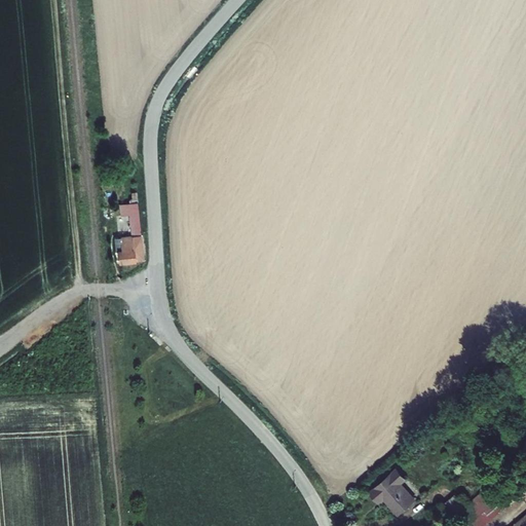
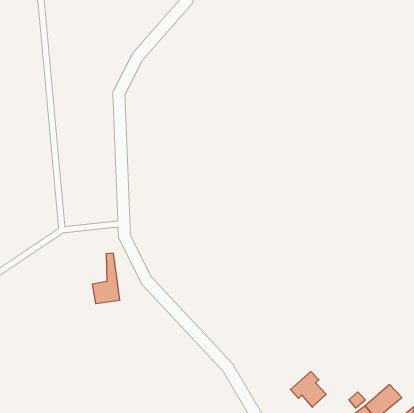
building: [112,203,147,267] -> [92,253,120,304]

